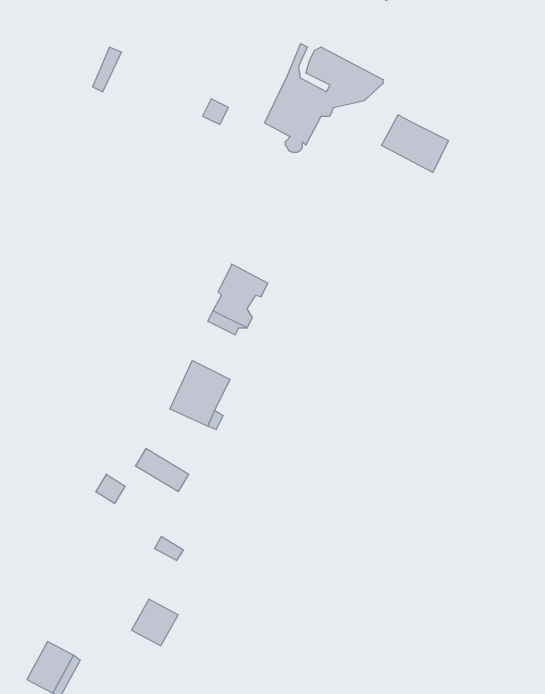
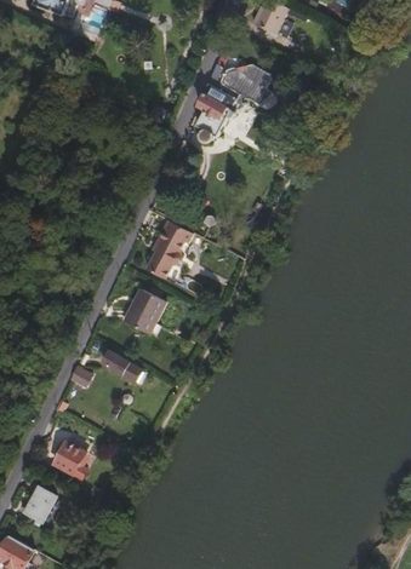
building: [381,115,448,173] -> none
building: [132,599,178,646] -> [52,441,85,473]

